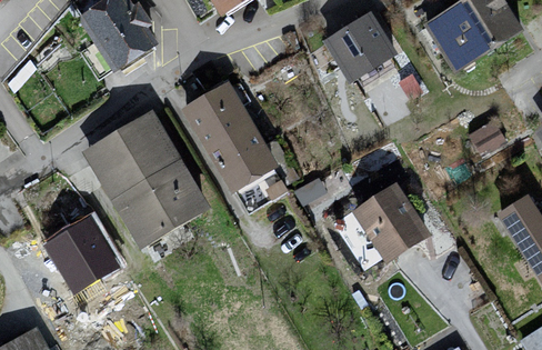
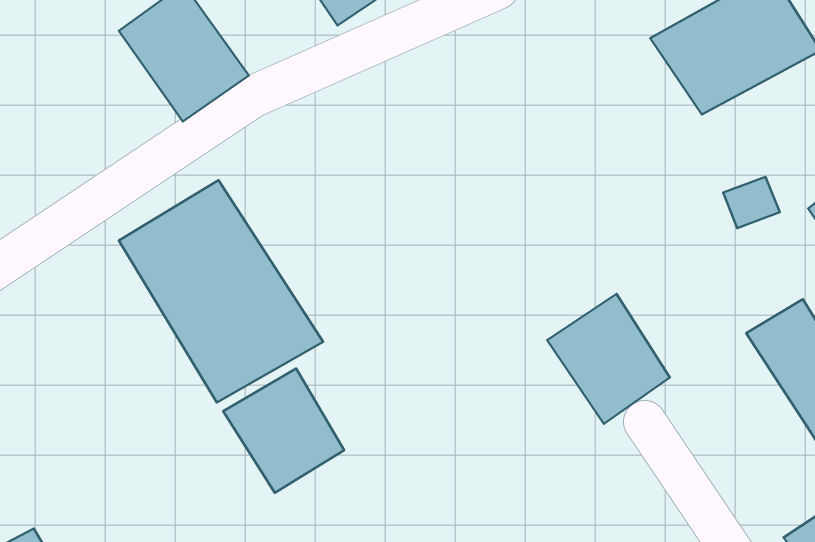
building: [323,14,402,88] -> none
building: [187,80,282,191] -> none
building: [48,219,123,297] -> [223,369,344,493]

